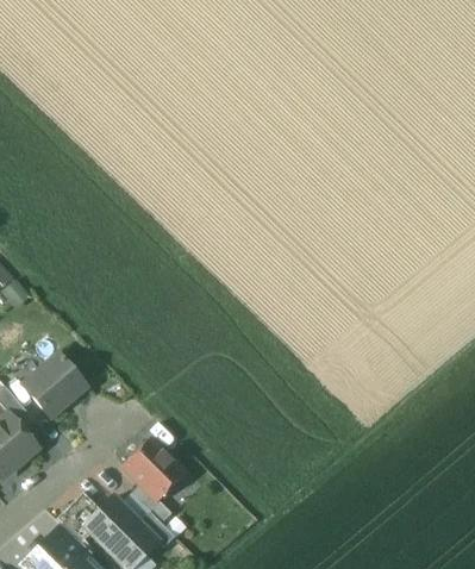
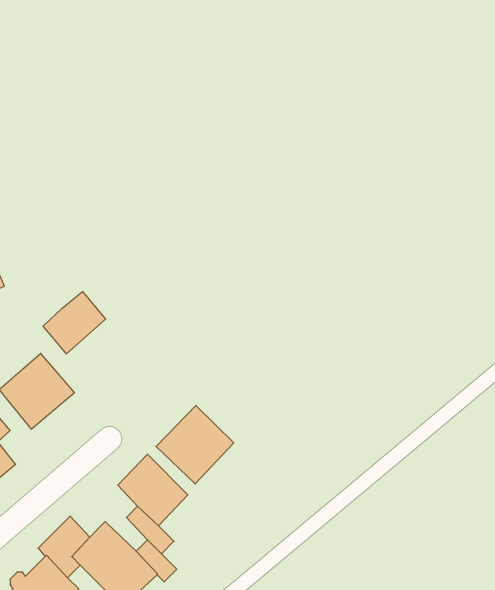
building: none -> [43,292,106,354]
building: none -> [156,405,234,484]

